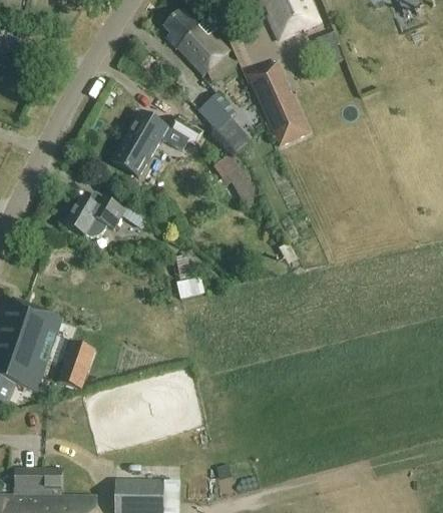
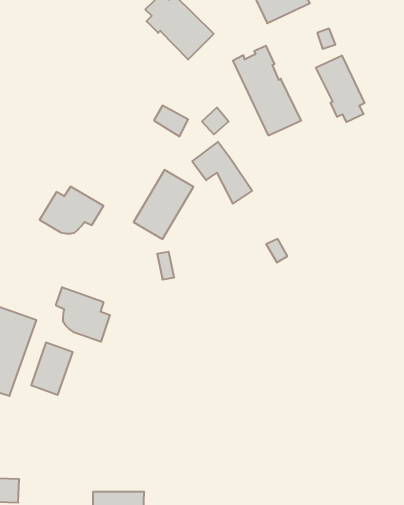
building: none -> [316,55,364,122]
building: [199,93,237,131] -> none
building: [111,112,167,177] -> [134,170,193,239]
building: none -> [56,287,110,342]

